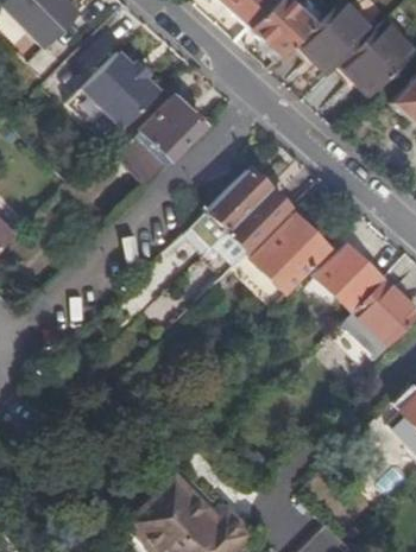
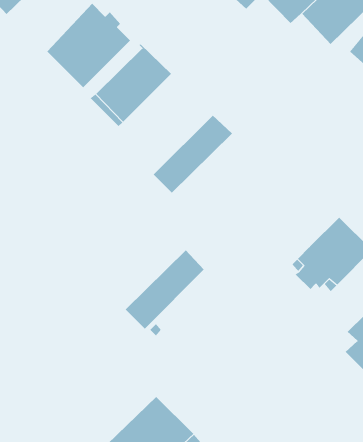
building: [204,191,290,277] -> [125,250,205,329]
building: [252,218,329,296] -> none
building: [305,245,384,312] -> none

